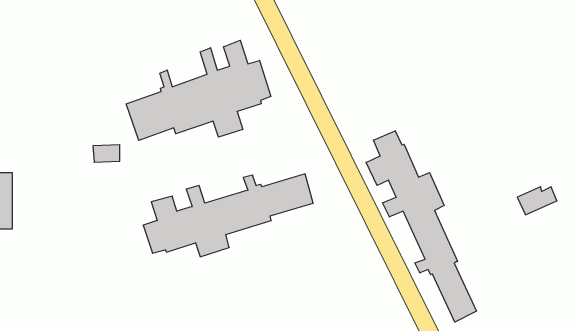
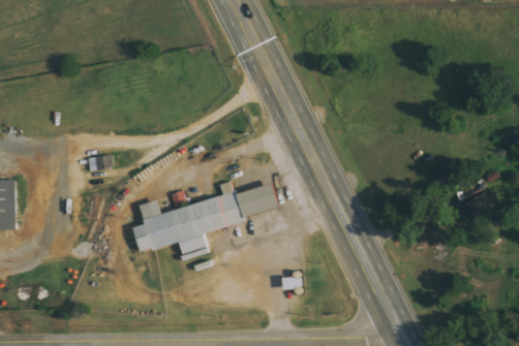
building: [126,40,271,140] -> none
building: [366,131,476,322] -> none

